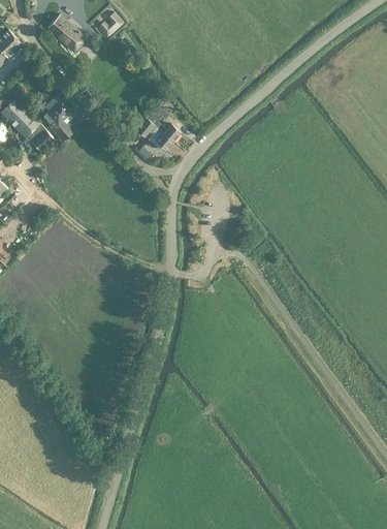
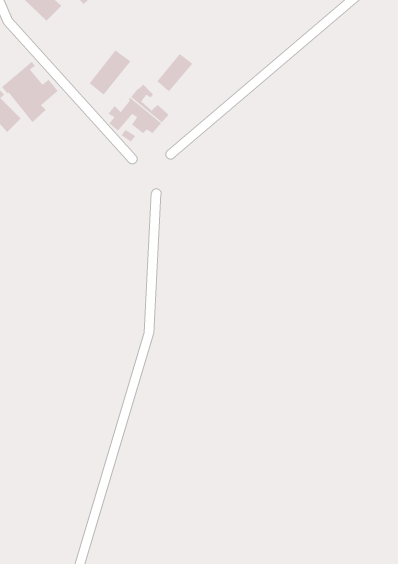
building: none -> [89,49,131,95]
building: none -> [156,53,193,92]

